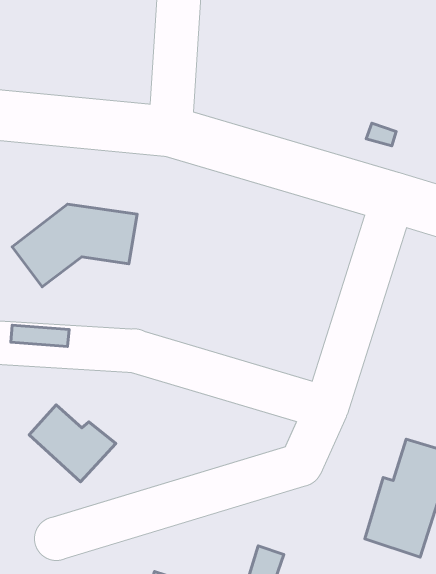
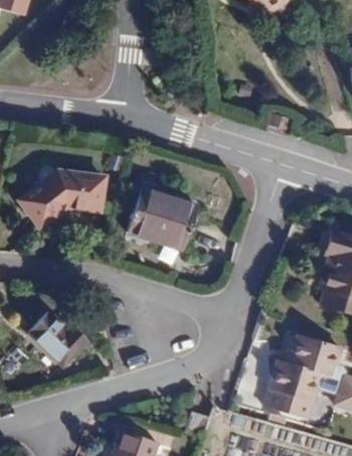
building: none -> [128,187,197,248]

